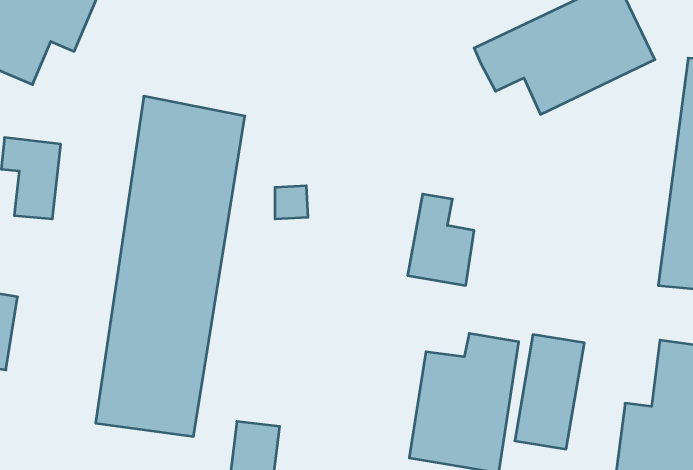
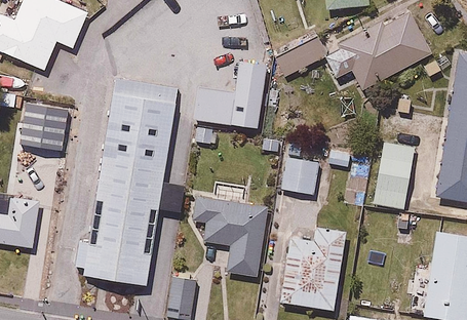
building: none -> [274,38,324,77]
building: none -> [195,62,268,130]
building: none -> [192,181,269,275]
building: [515,335,584,449] -> [369,138,413,209]

